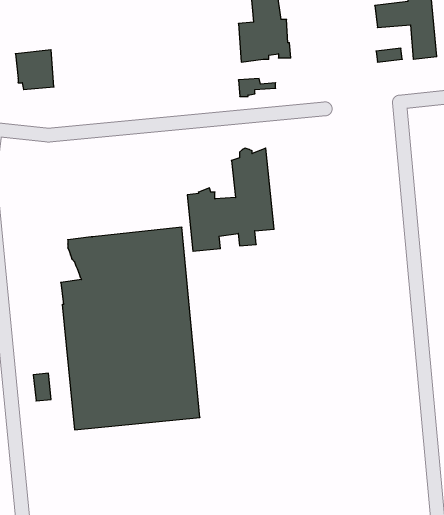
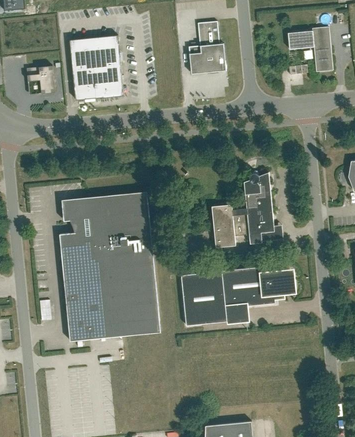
building: none -> [69,35,123,100]
building: [187,148,274,251] -> [211,172,274,247]
building: none -> [180,266,293,325]

